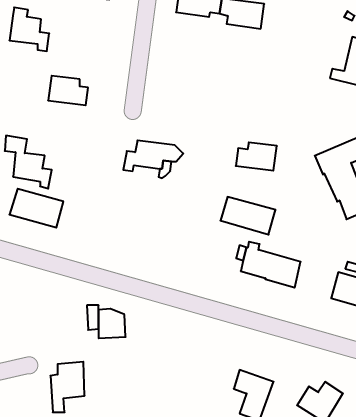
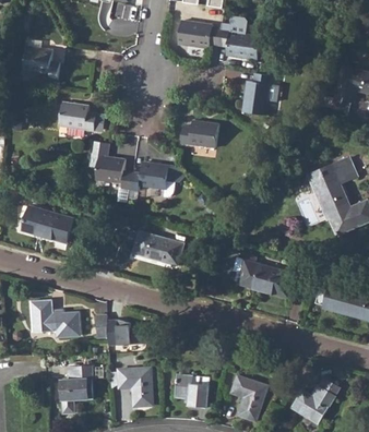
building: none -> [242,72,271,113]
building: [5,136,52,189] -> [88,140,132,189]
building: [236,142,277,171] -> [180,120,218,146]
building: [220,197,276,235] -> [132,231,183,266]
building: none -> [29,301,79,337]
building: none -> [118,368,152,407]
building: none -> [176,374,211,408]

